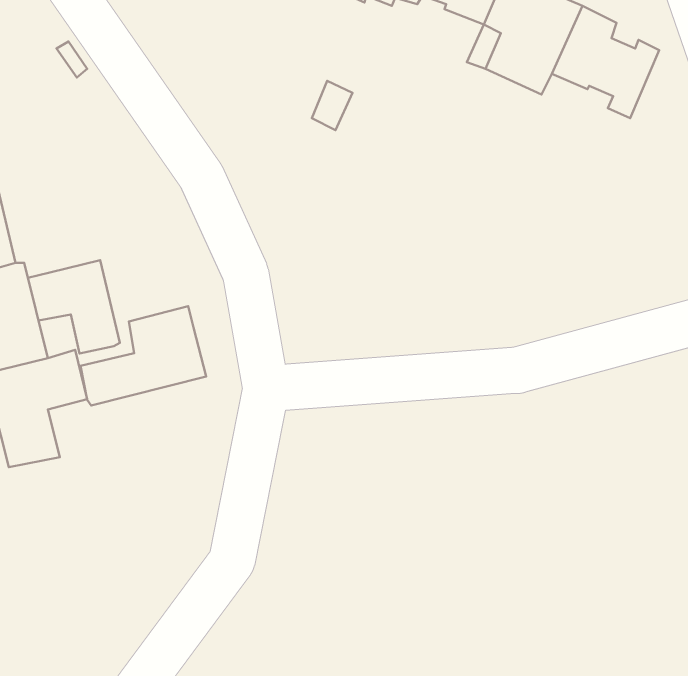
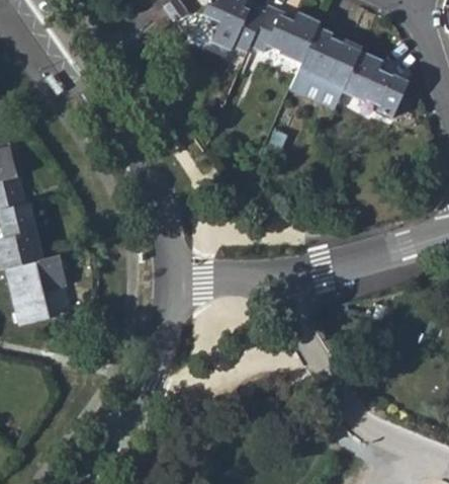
building: [28,260,120,353] -> none
building: [80,306,206,406] -> none

